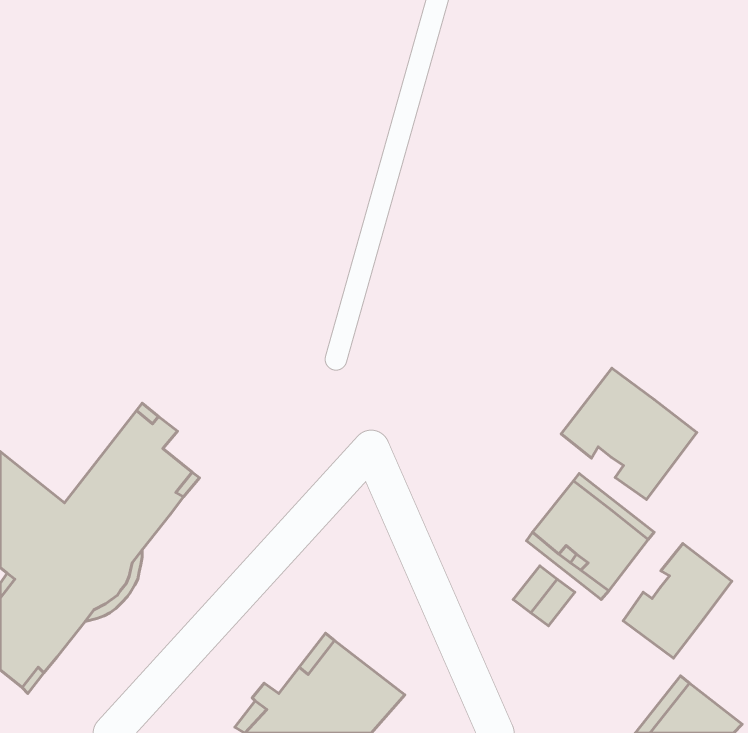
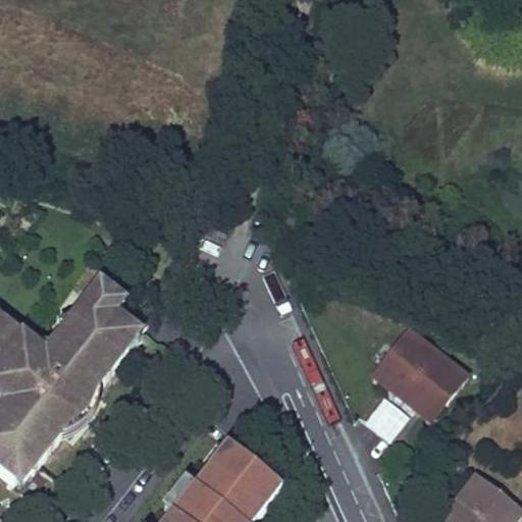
building: [561,368,697,500] -> none
building: [623,543,732,658] -> none

